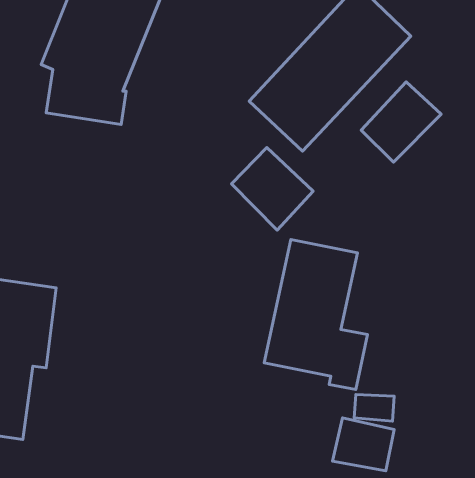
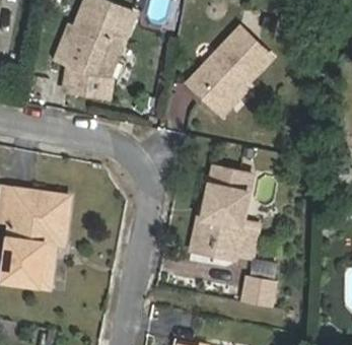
building: [361,82,441,162] -> none
building: [231,148,313,230] -> none

